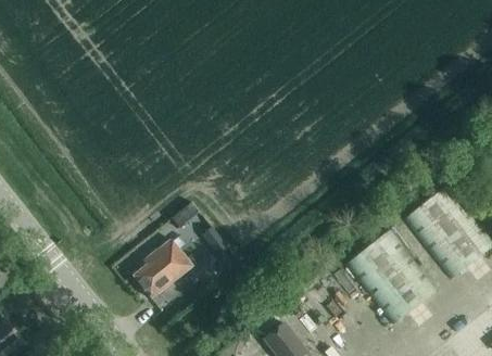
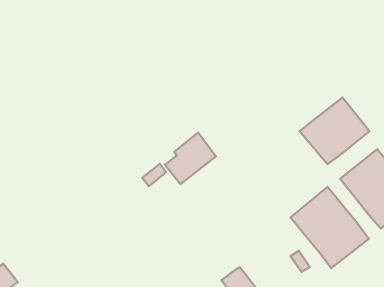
building: none -> [300,97,370,164]
building: [134,238,193,298] -> [165,132,216,184]

